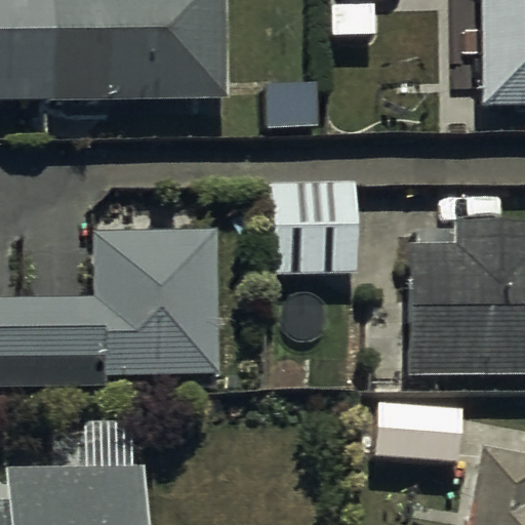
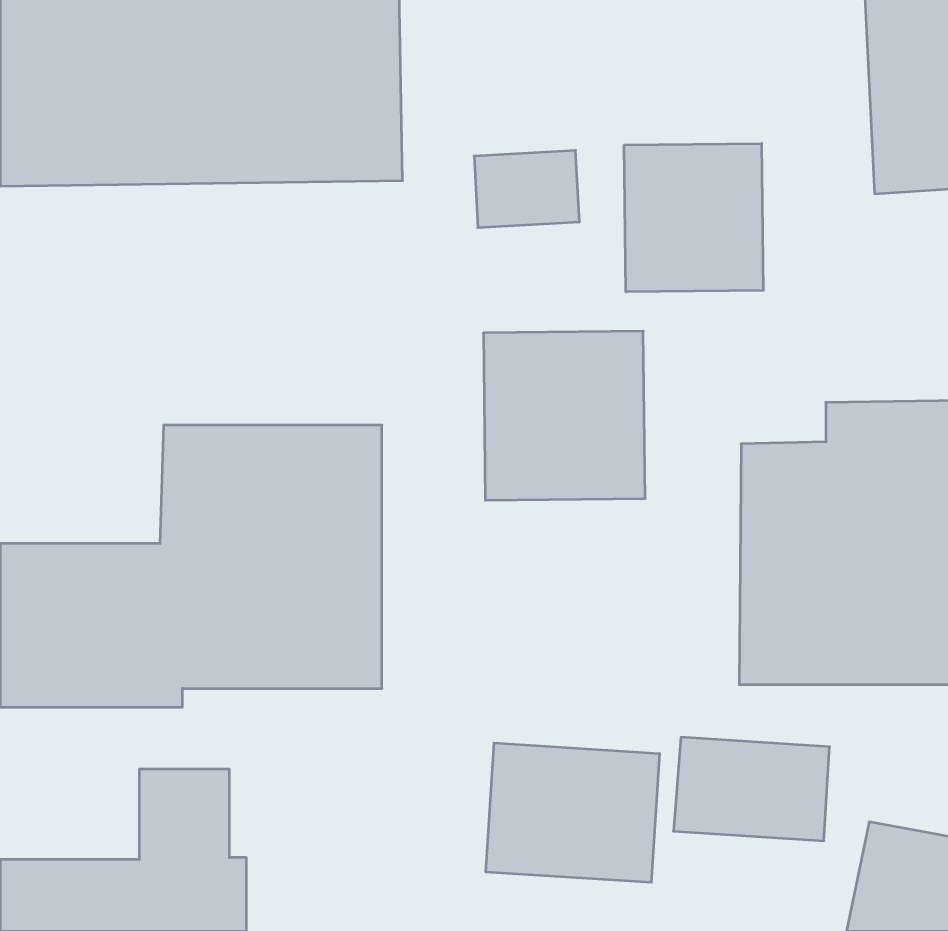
building: none -> [624,143,763,292]
building: none -> [486,743,659,882]

